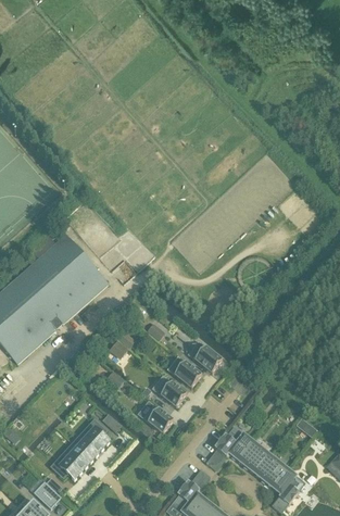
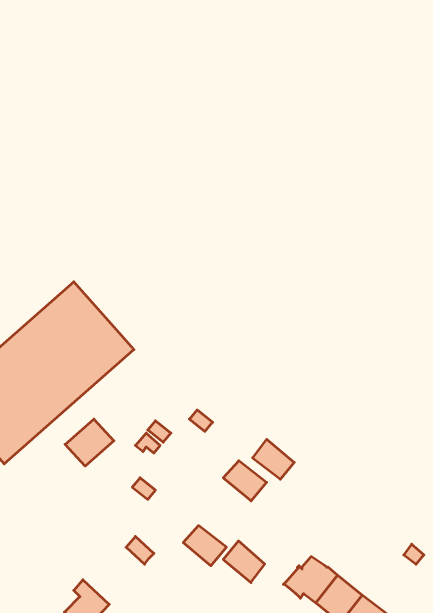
building: none -> [65,419,114,466]
building: [155,378,185,407] -> [223,541,265,583]
building: [72,428,109,461] -> none

